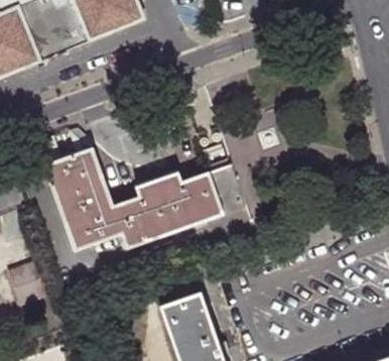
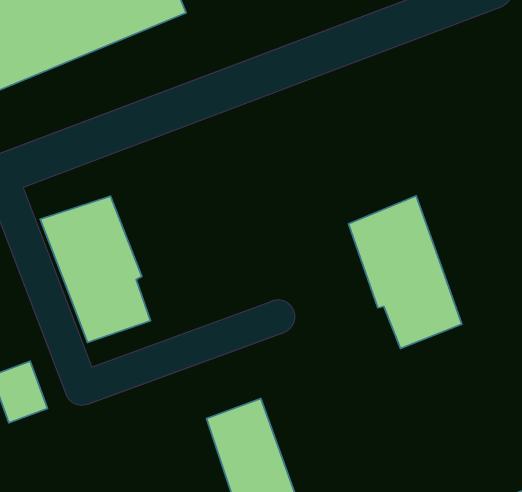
building: none -> [349,196,462,349]
building: [110,164,244,249] -> none

